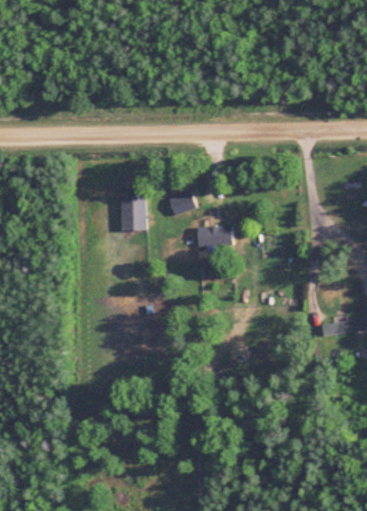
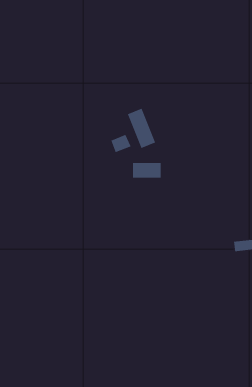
building: none -> [127,108,156,149]
building: [122,195,145,230] -> none

